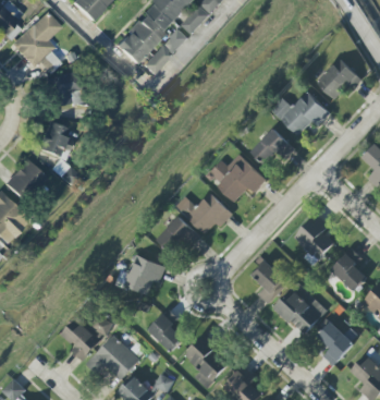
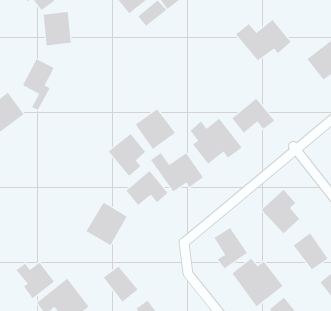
building: [271,92,328,135] -> [235,19,291,61]
building: none -> [135,108,176,150]
building: none -> [108,133,146,177]

